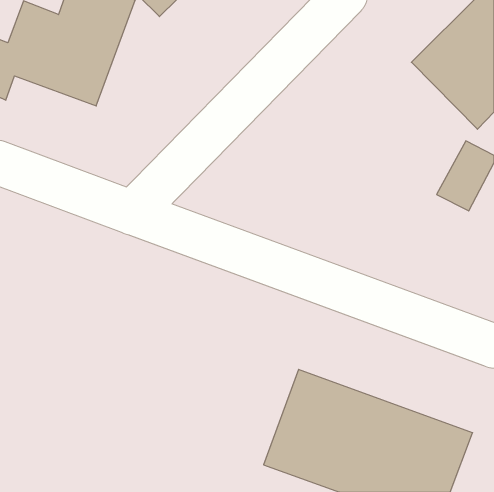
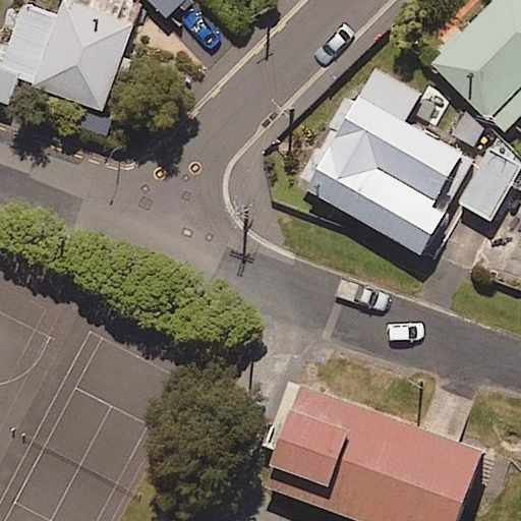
building: none -> [297,63,475,257]

